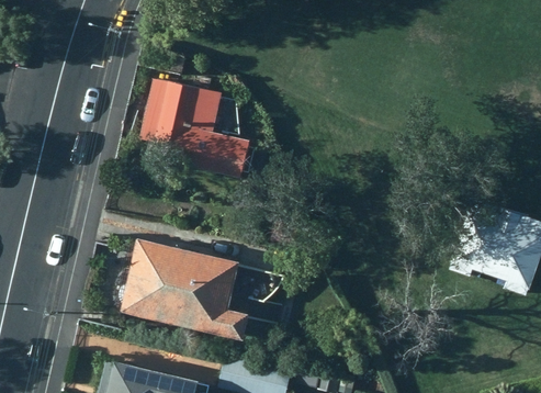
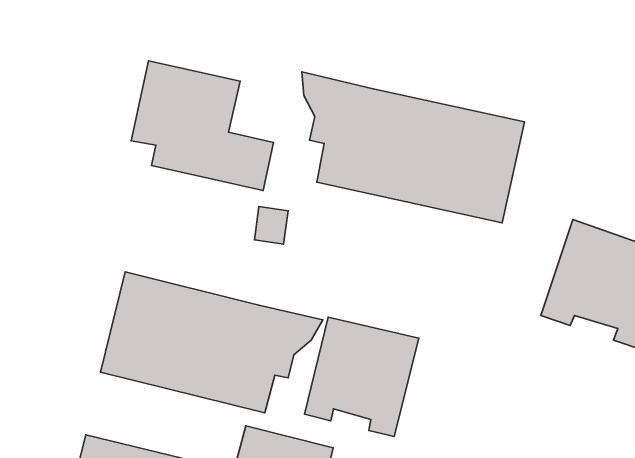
building: none -> [302,72,524,223]
building: none -> [304,317,419,436]

